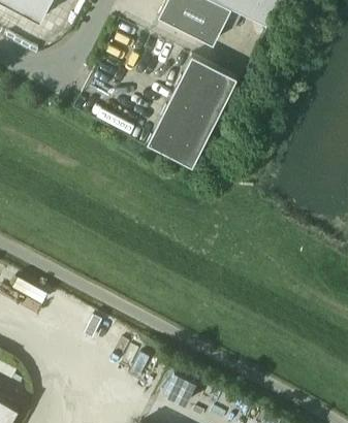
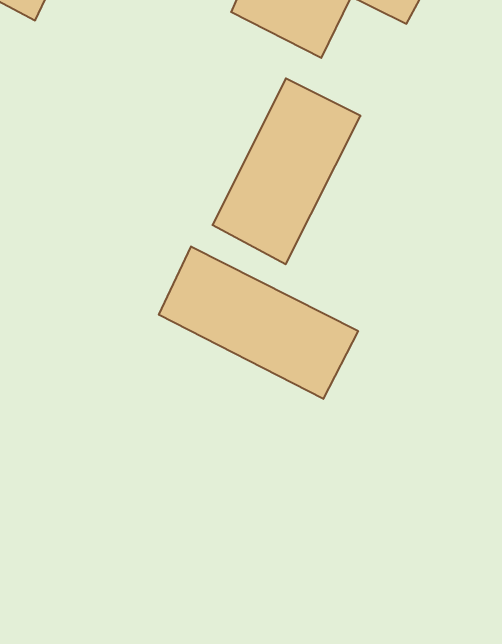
building: none -> [159,246,358,399]

